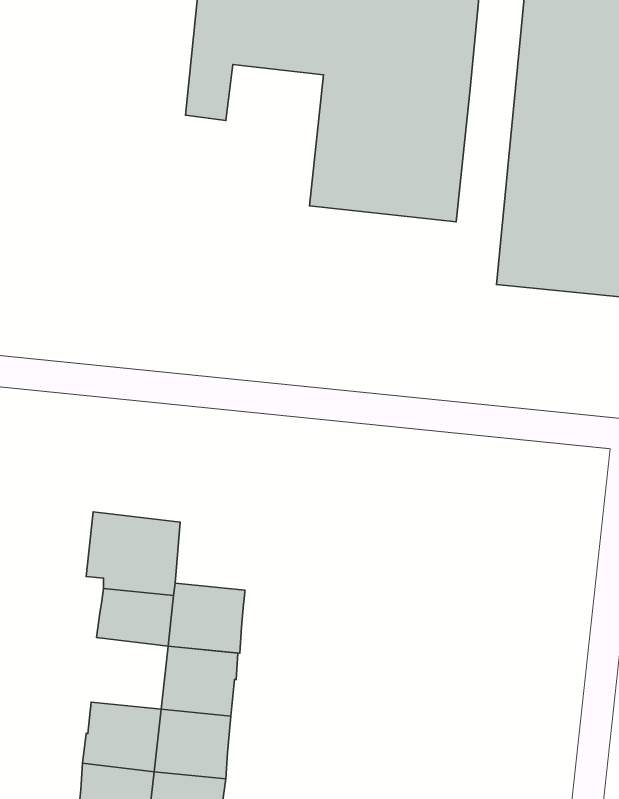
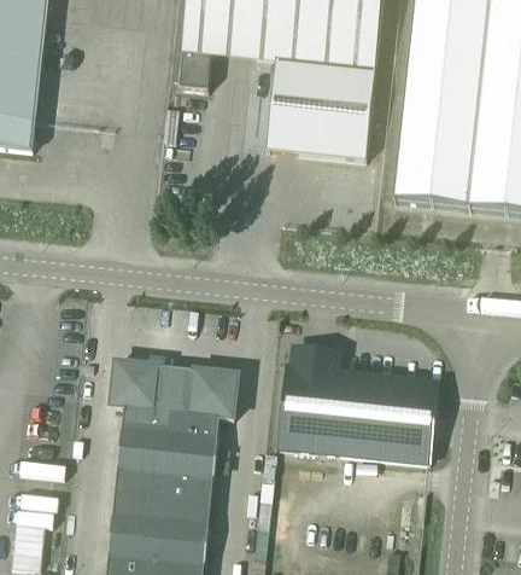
building: none -> [279,344,438,463]
building: none -> [172,367,238,418]
building: none -> [115,448,168,496]

